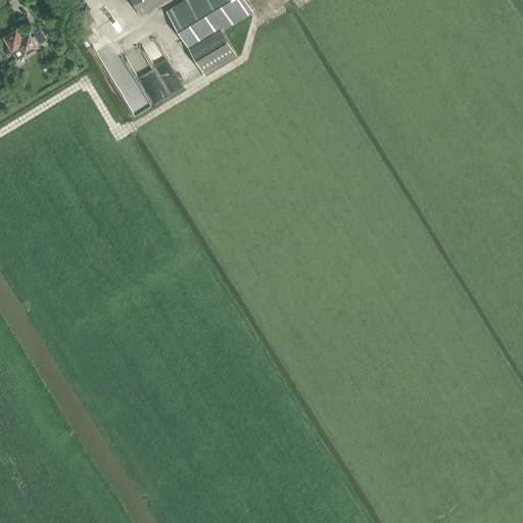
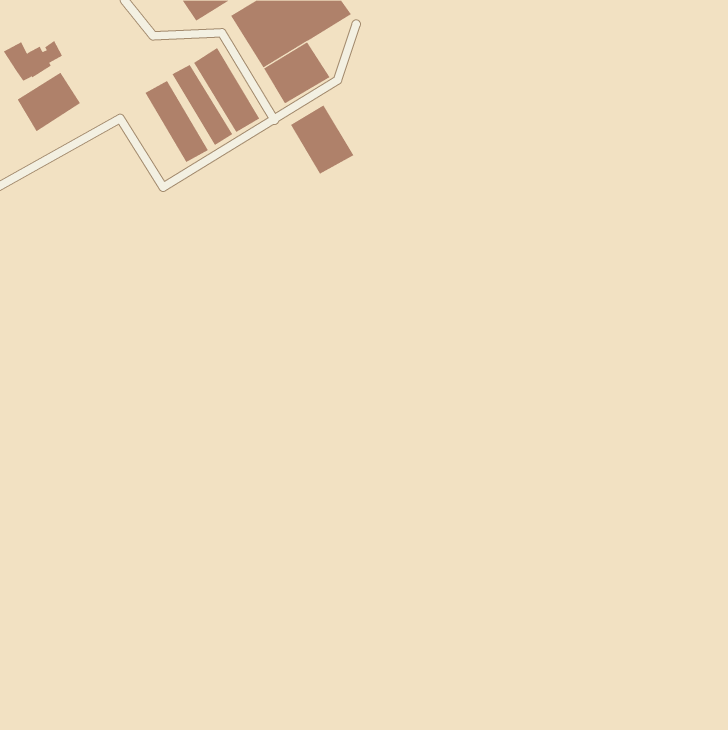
building: none -> [17,72,81,132]
building: none -> [290,105,354,175]

